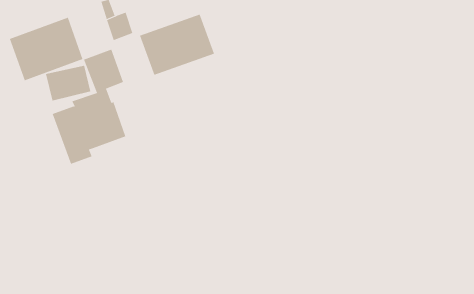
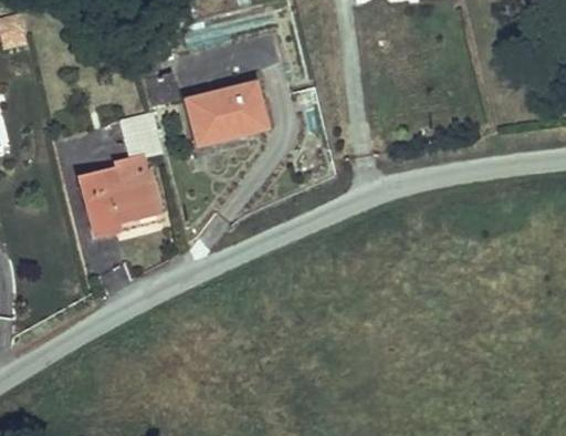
building: [9,17,83,81] -> none

